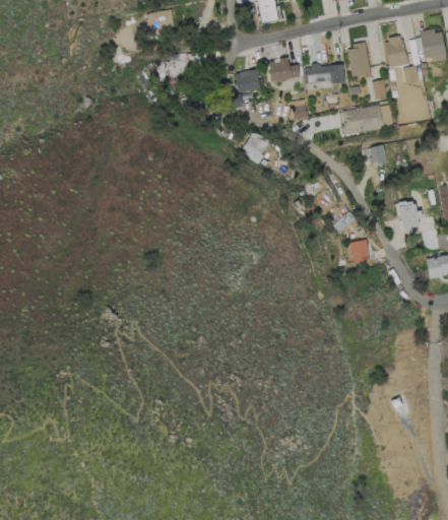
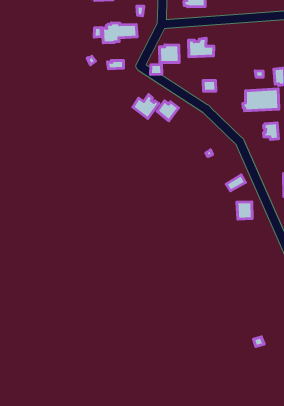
building: [348,42,371,78] -> none
building: [305,63,345,85] -> none
building: none -> [133,94,159,118]

